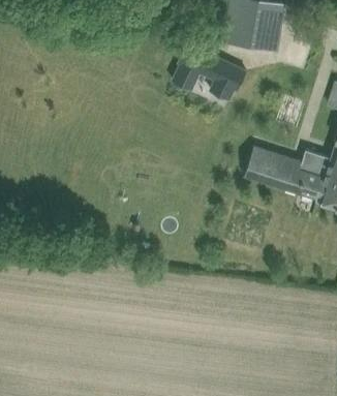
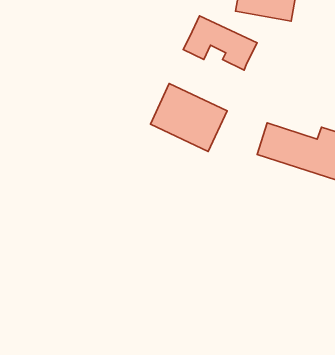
building: none -> [150,84,227,151]

